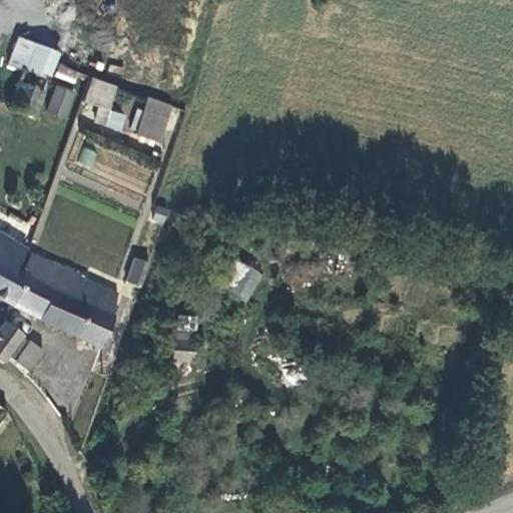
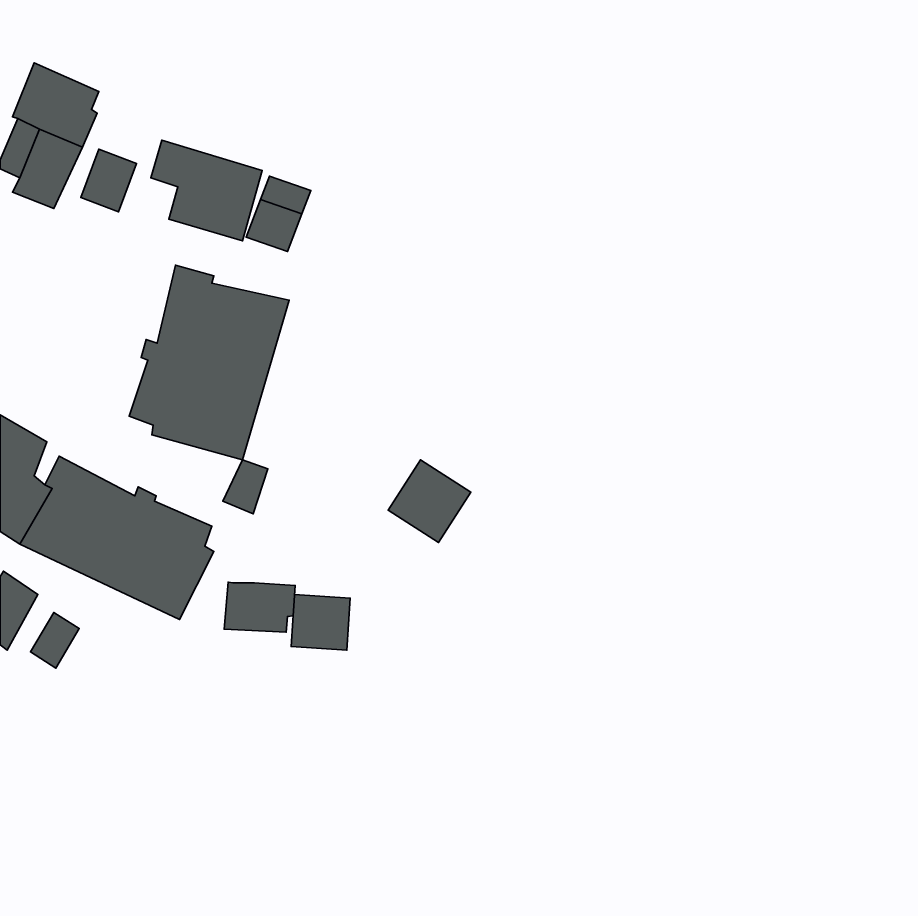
building: none -> [129,265,289,460]
building: none -> [224,582,295,632]

